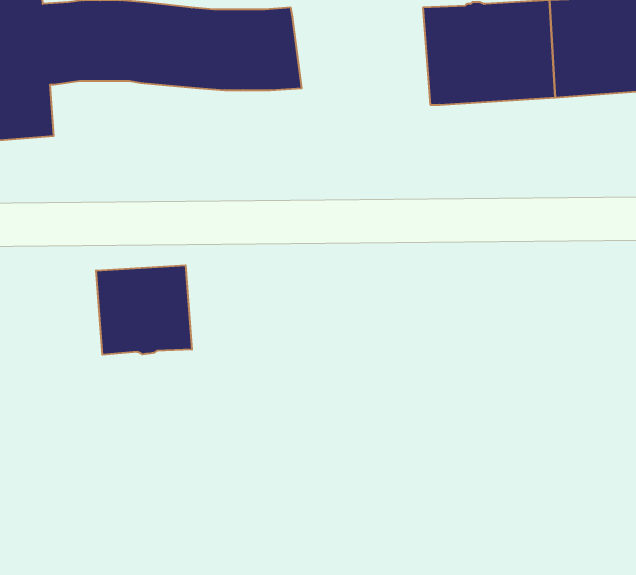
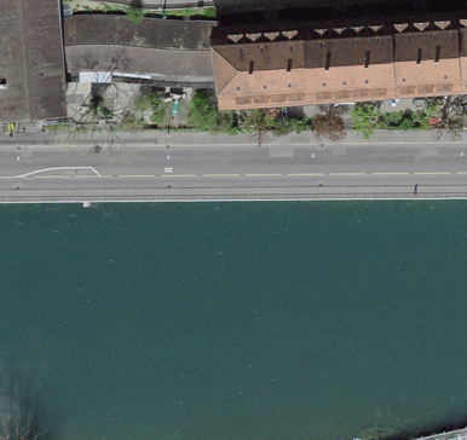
building: none -> [219,27,310,95]
building: [96,265,192,355] -> none

